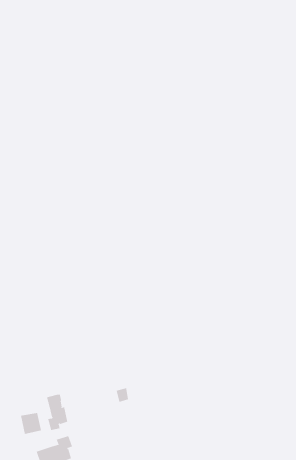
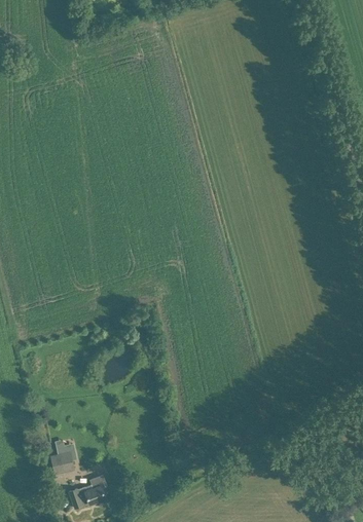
building: [46,394,68,431] -> none

